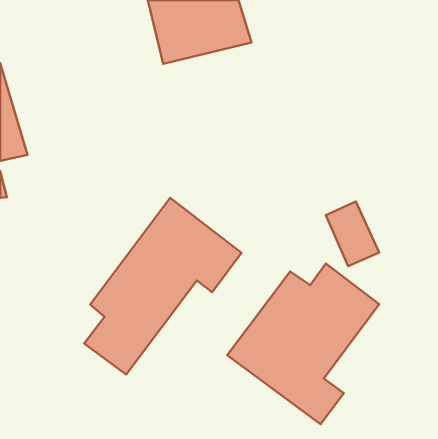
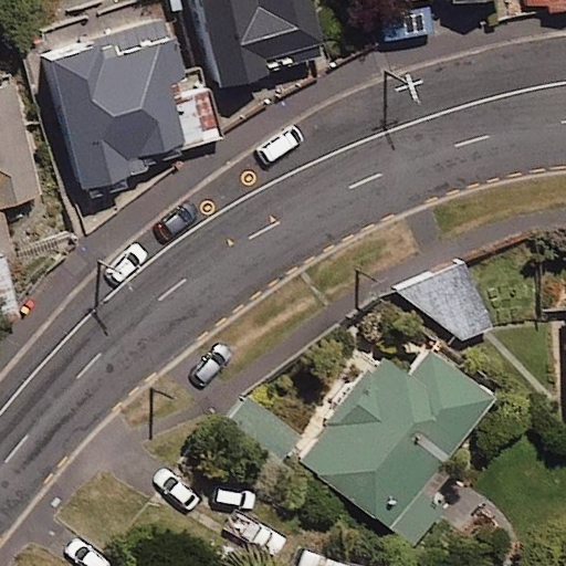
building: none -> [48,28,200,190]
building: [84,198,242,375] -> none

